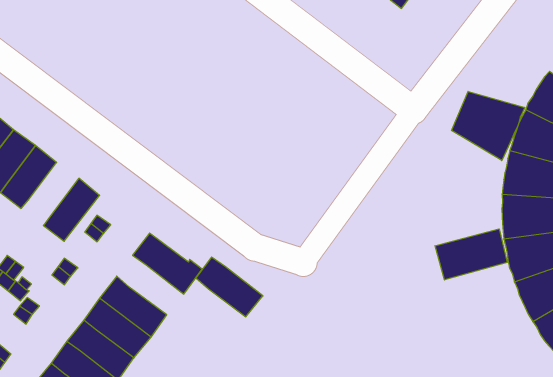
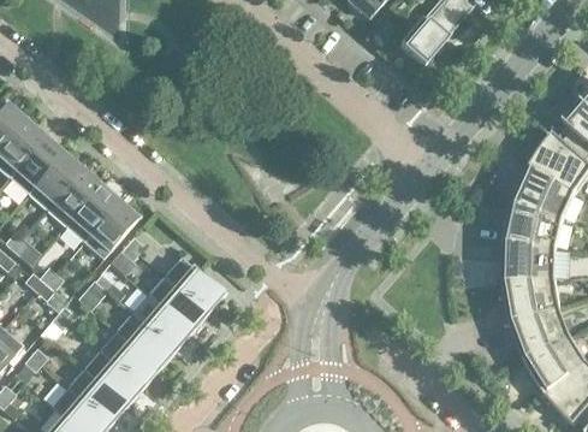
building: [452,91,525,161] -> none
building: none -> [65,187,119,243]
building: [435,229,507,280] -> none
building: [196,257,263,317] -> [148,276,208,332]

